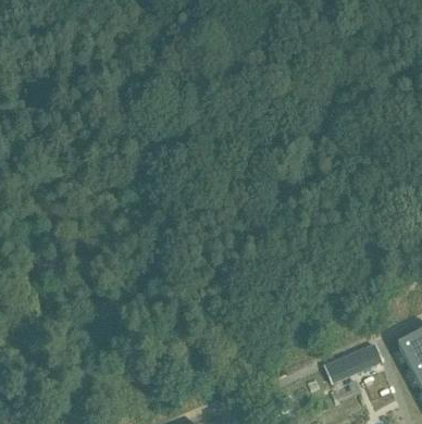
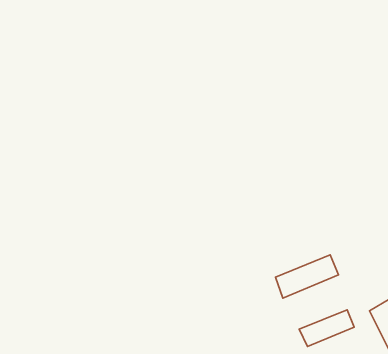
building: none -> [275,255,339,298]

